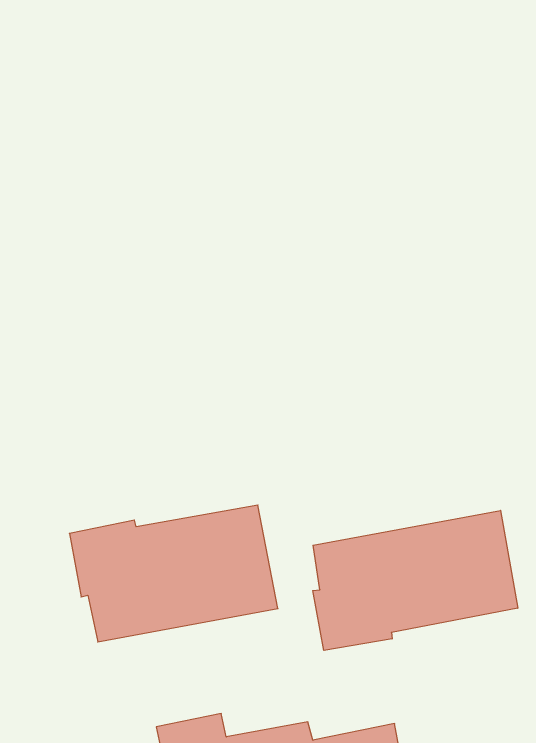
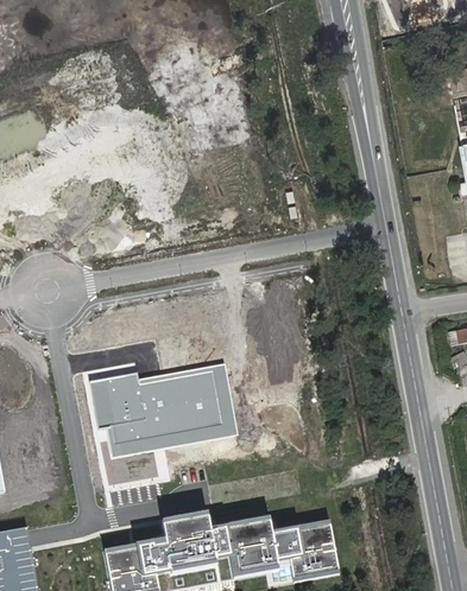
building: [313,510,518,650] -> none

